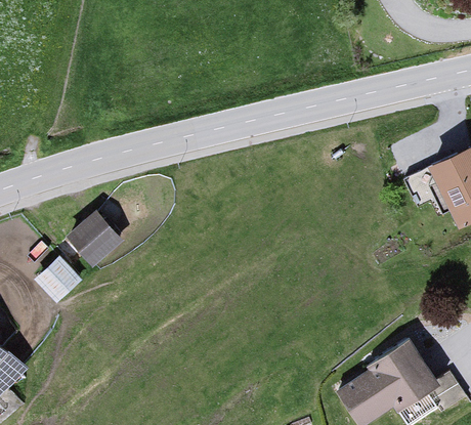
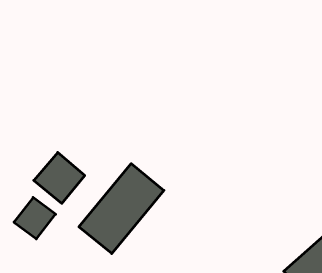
building: none -> [79,164,164,254]

